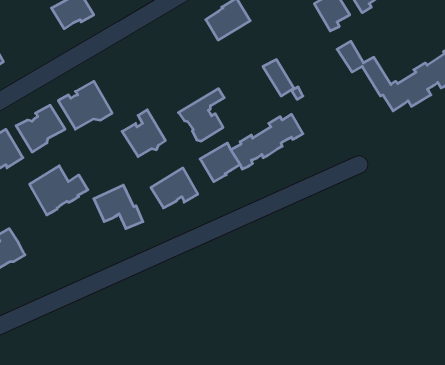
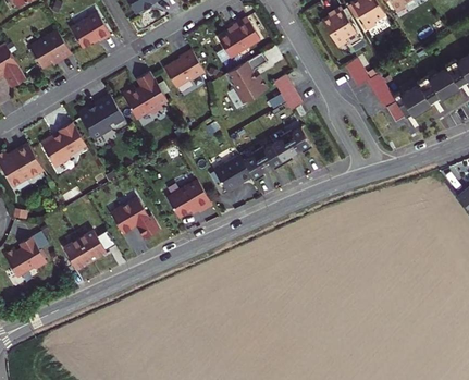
building: none -> [28,28,71,66]
building: none -> [164,50,205,87]
building: [178,89,224,141] -> [225,52,269,102]
building: [122,110,165,157] -> [125,72,166,117]
building: [30,166,88,215] -> [59,222,114,269]

